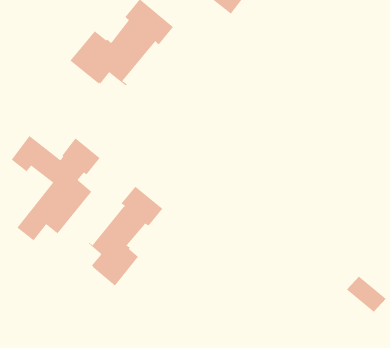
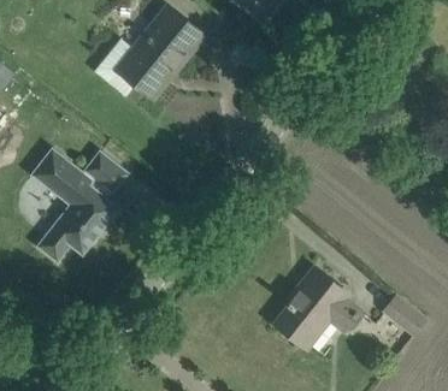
building: [88,186,163,286] -> none
building: none -> [276,267,362,348]

